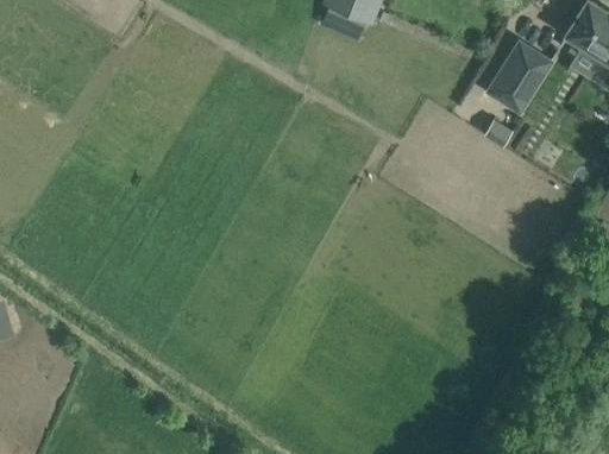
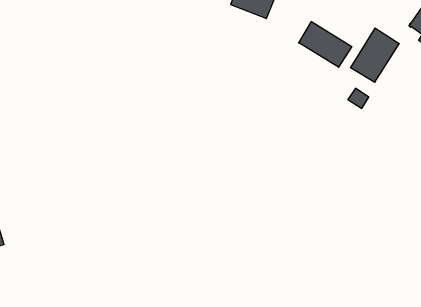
building: none -> [299,22,352,67]

